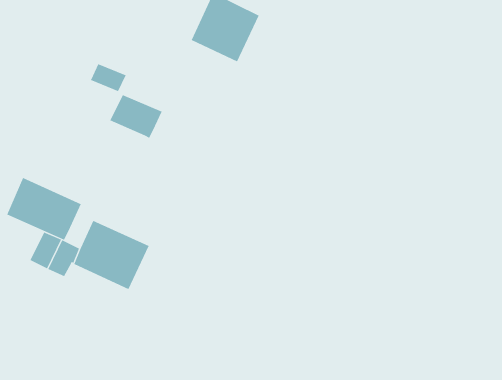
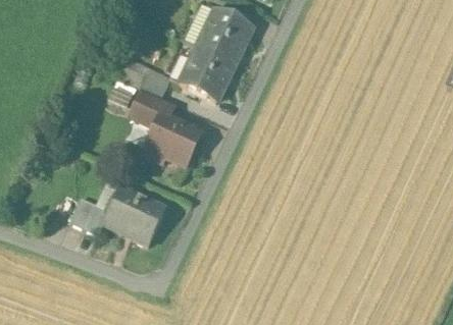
building: none -> [180,46,234,100]
building: none -> [146,117,198,165]
building: [7,177,81,240] -> none

